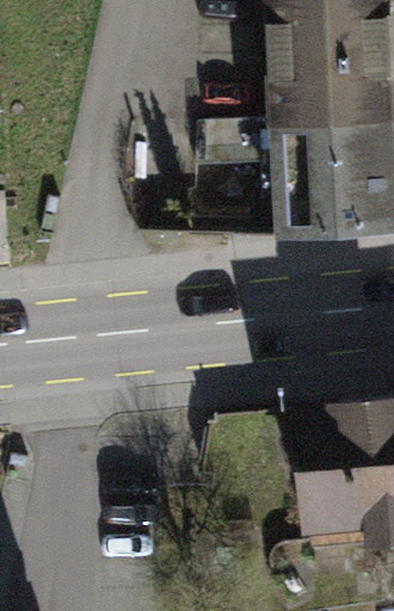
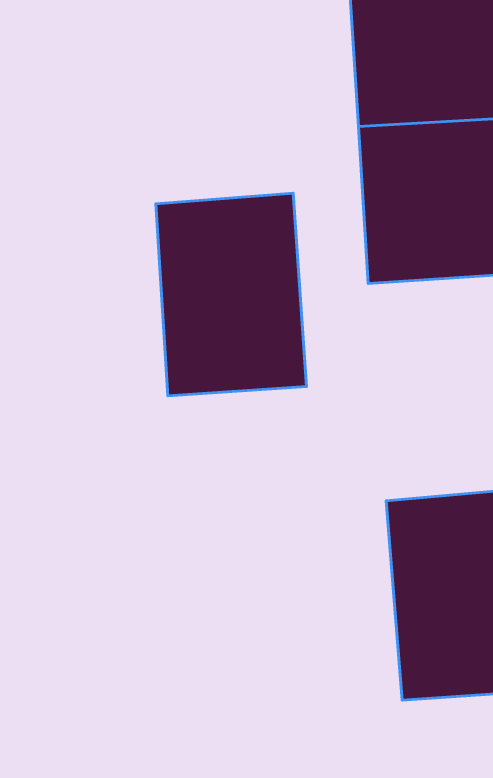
building: none -> [156,193,306,396]

